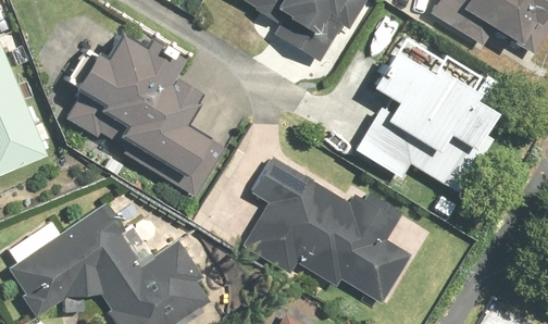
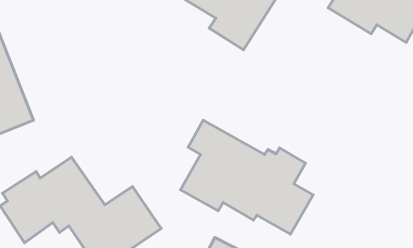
building: [354,37,494,194] -> none
building: [68,42,224,205] -> none

